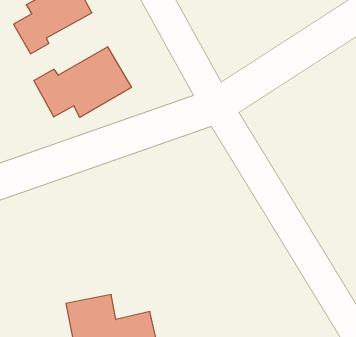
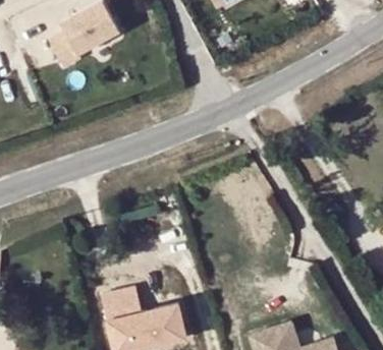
building: [34,47,131,117] -> none

